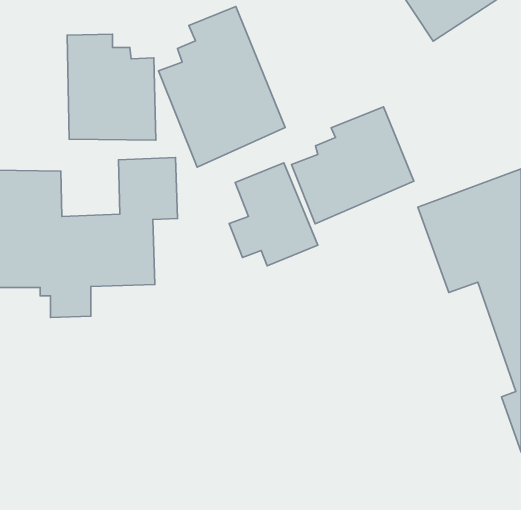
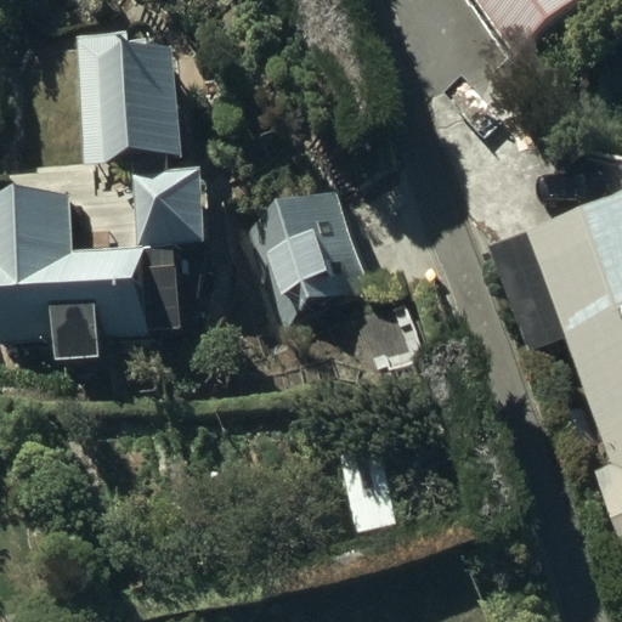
building: [159,6,285,167] -> none
building: [292,107,414,224] -> none

